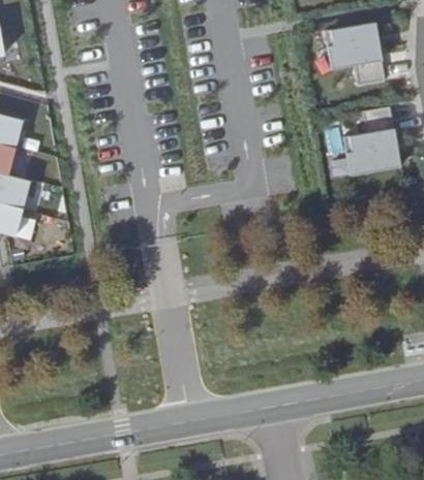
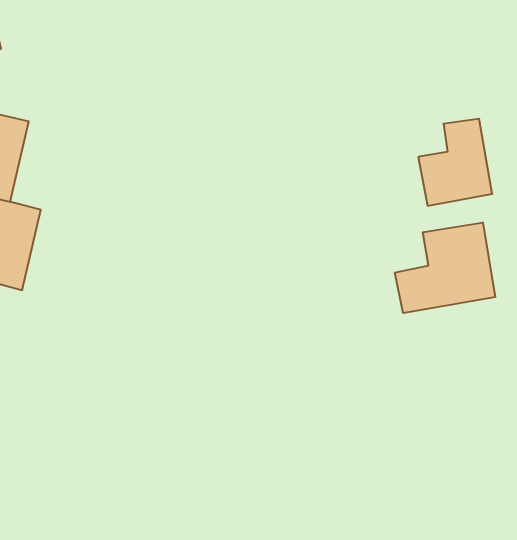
building: [323,22,384,86] -> none
building: none -> [395,222,495,313]

